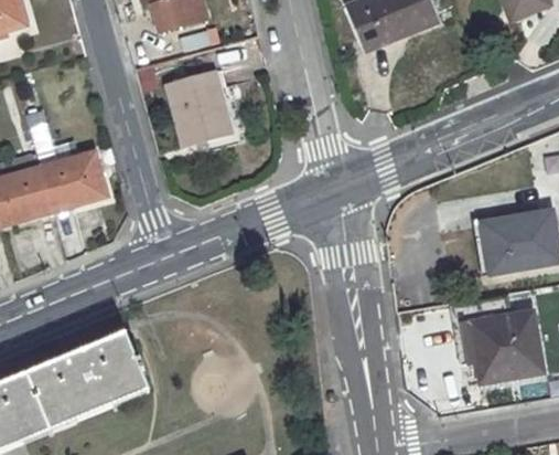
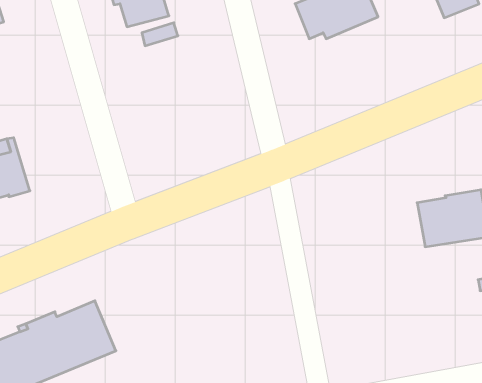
building: [166,71,230,145] -> none
building: [36,150,106,211] -> none
building: [471,310,542,381] -> none

